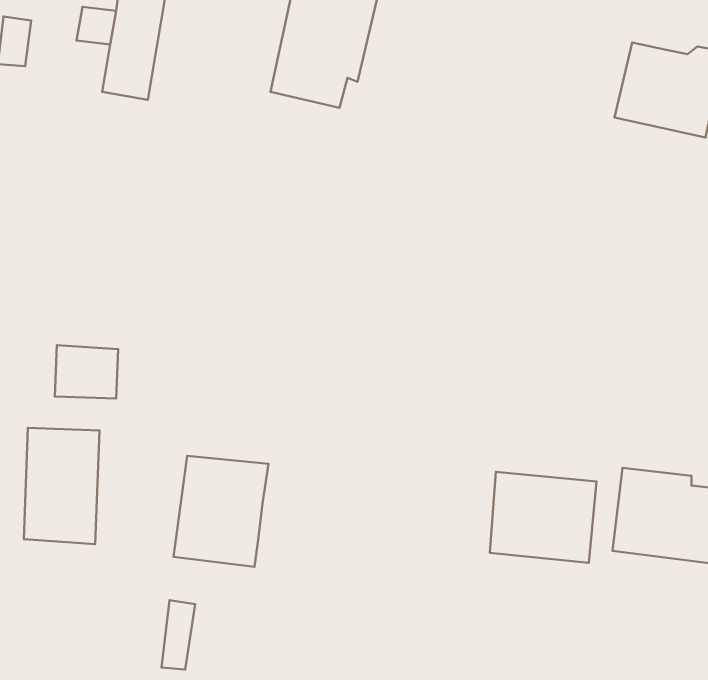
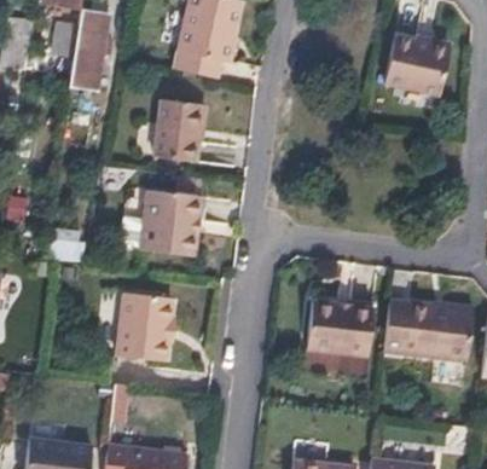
building: none -> [153,100,205,163]
building: none -> [139,192,199,257]
building: [24,428,100,544] -> none

